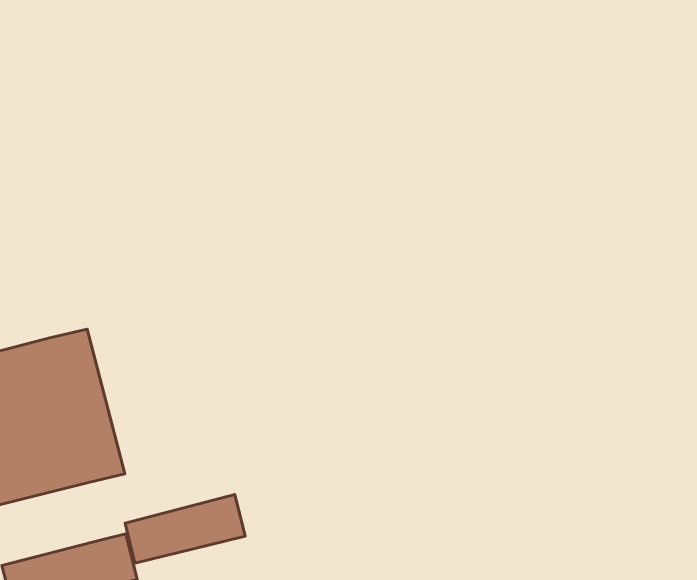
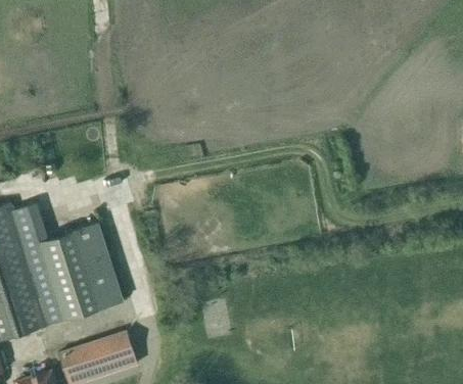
building: [125,495,245,563] -> none

